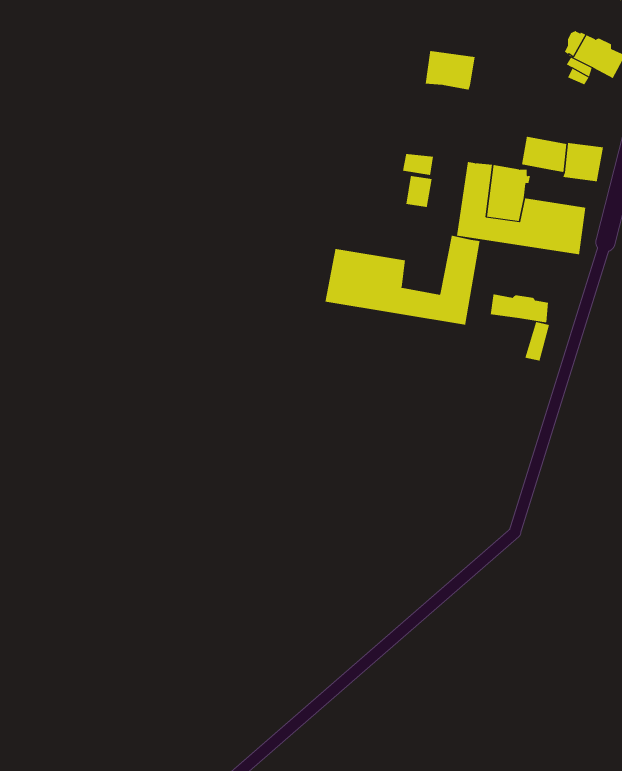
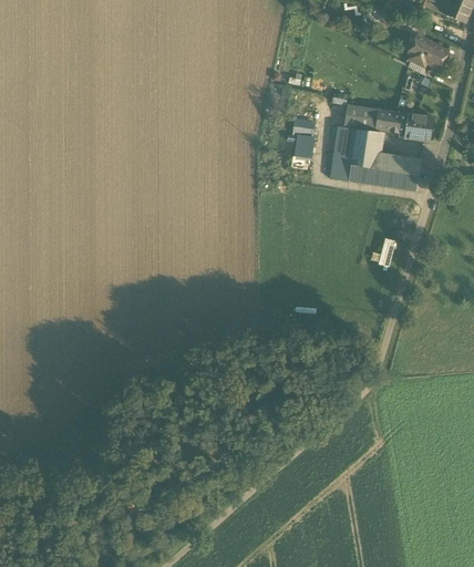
building: [425,50,476,90] -> [343,103,379,131]
building: [325,235,480,325] -> none
building: [490,294,554,325] -> none

